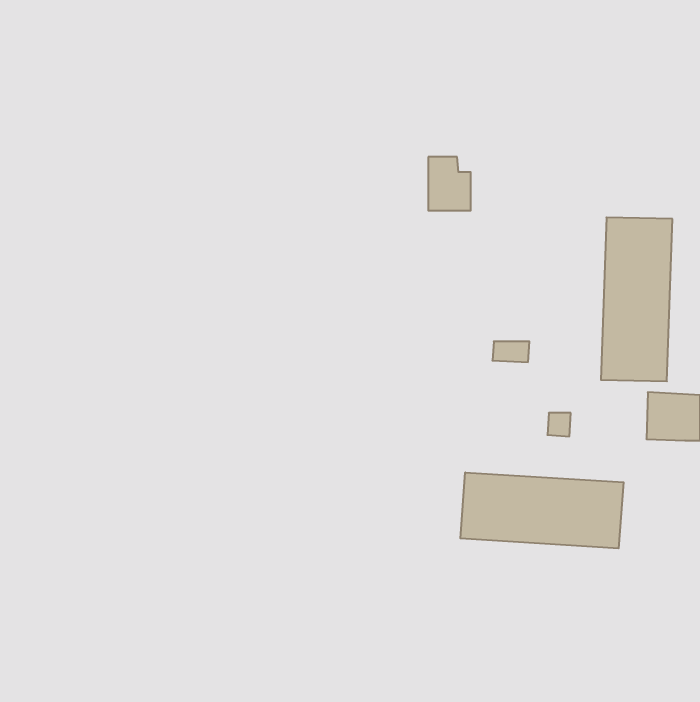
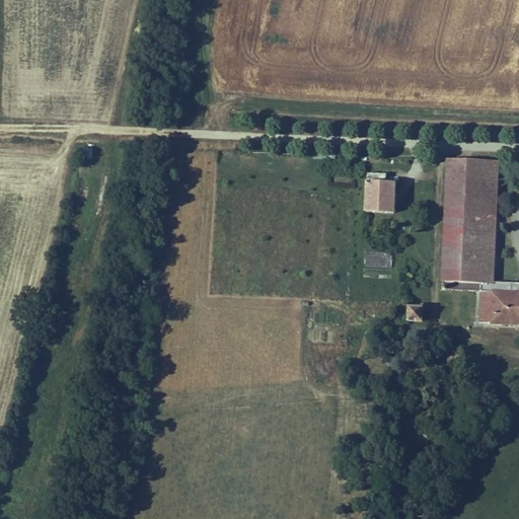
building: [428,157,471,211] -> [366,170,397,210]
building: [460,472,624,548] -> none

